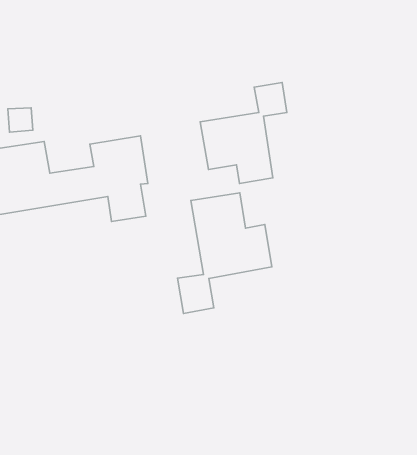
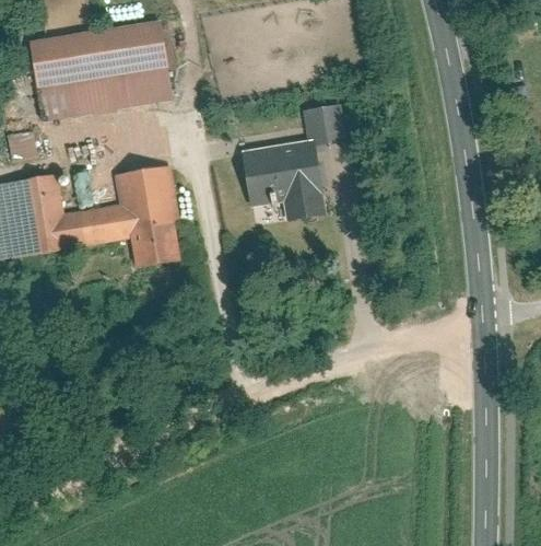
building: none -> [28,18,175,125]
building: [178,193,272,313] -> none

